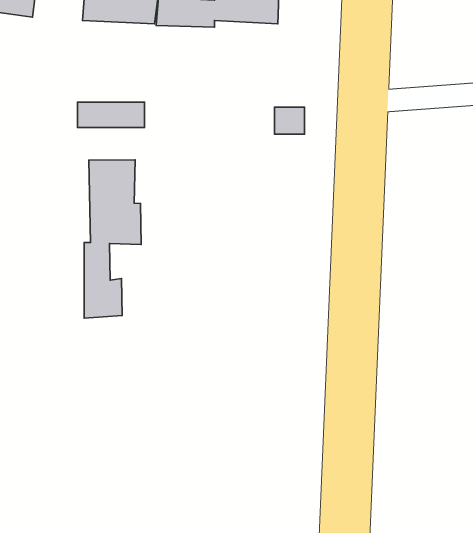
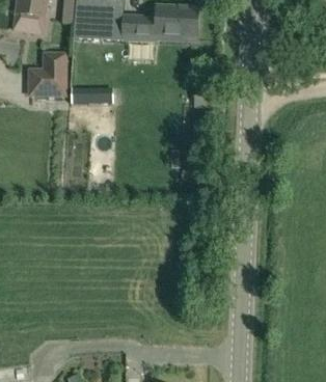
building: none -> [29,53,64,94]
building: [84,160,141,318] -> none

